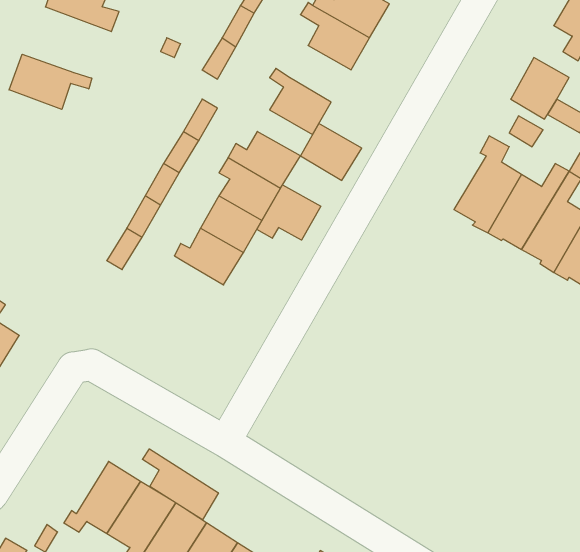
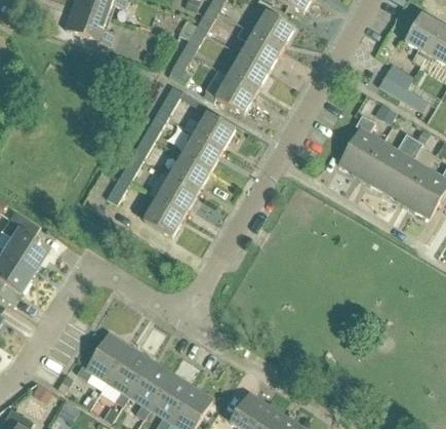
building: [9,54,92,109] -> none
building: [300,124,362,180] -> [229,54,270,92]
building: [257,185,321,240] -> none
building: none -> [144,198,185,237]
building: [142,449,218,520] -> none

